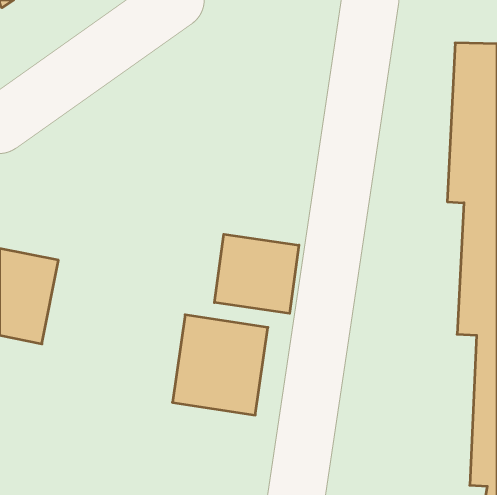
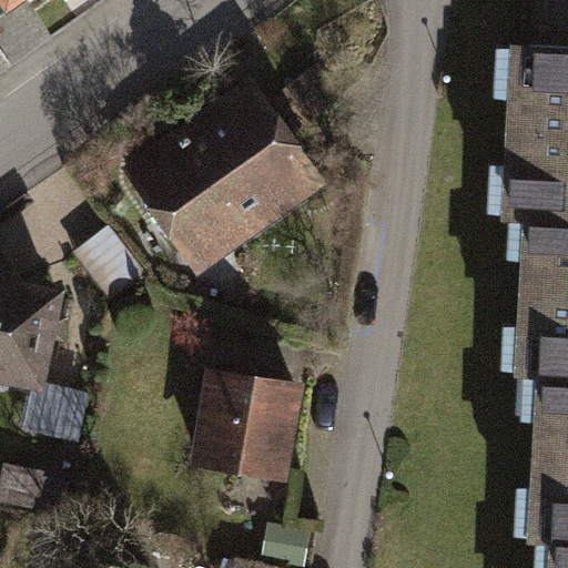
building: none -> [129,92,324,281]
building: [214,234,299,313] -> none

